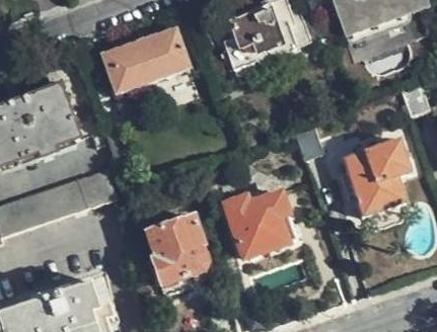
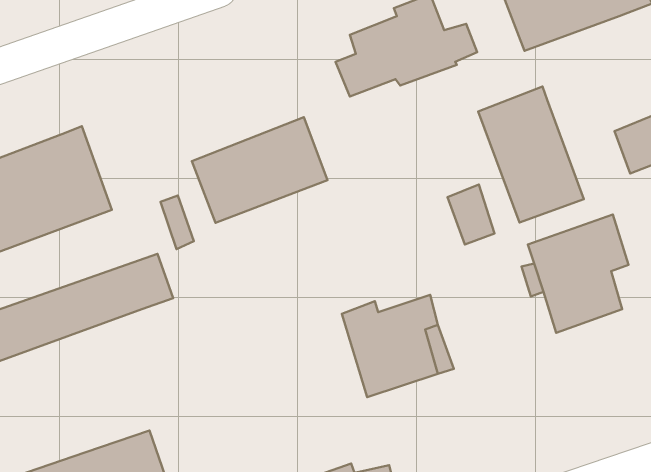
building: [102,25,190,93] -> [192,117,327,223]
building: none -> [478,86,584,222]
building: [147,216,210,285] -> none

